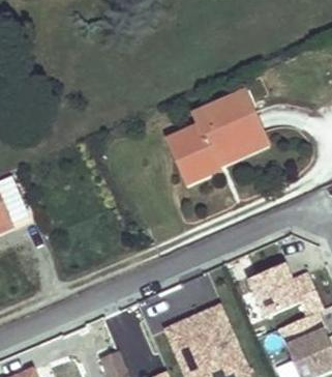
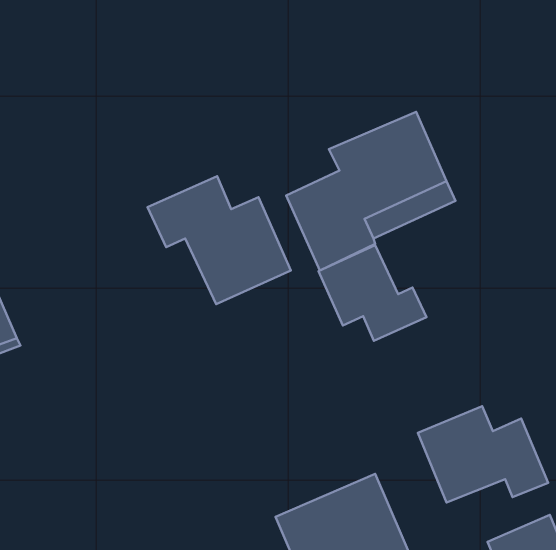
building: none -> [148,176,291,304]
building: none -> [318,245,426,341]

